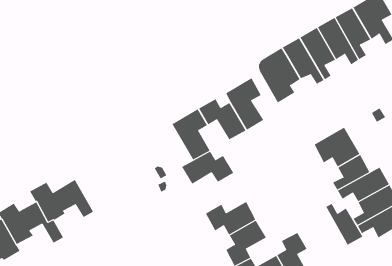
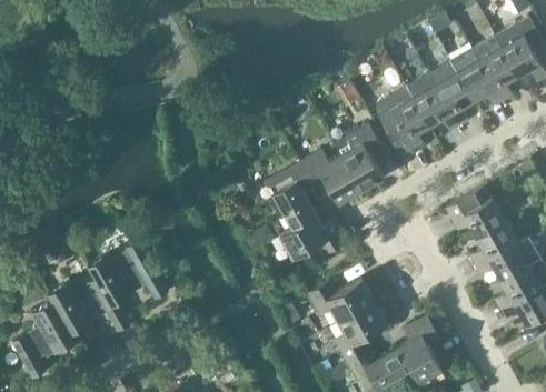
building: [326,203,363,245] -> none

